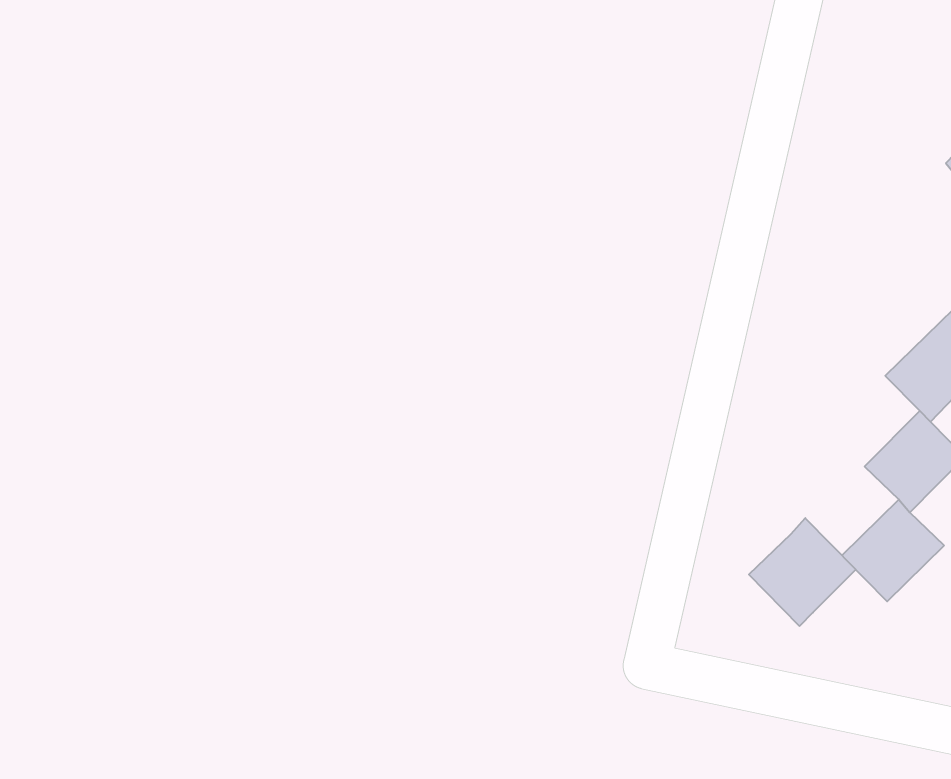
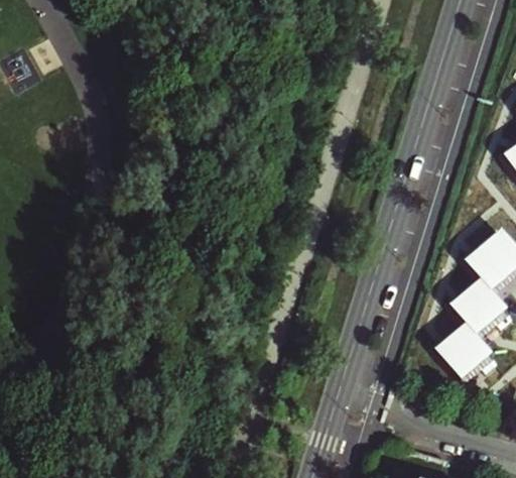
building: [749,518,856,626] -> none

